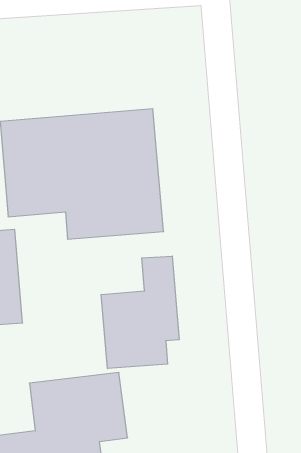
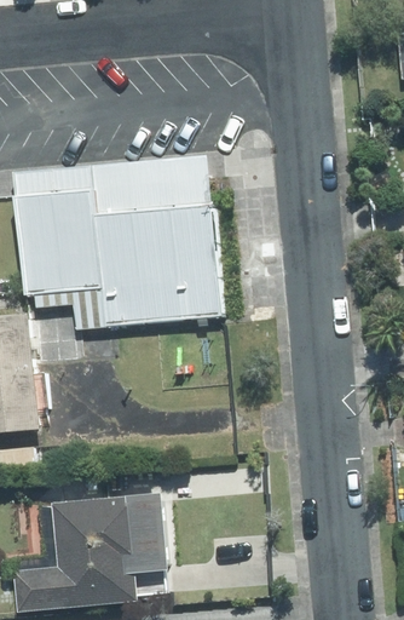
building: [101,256,179,369] -> none

